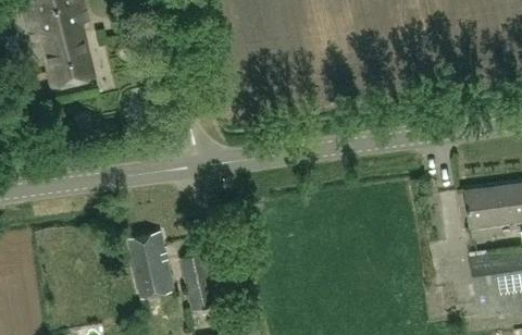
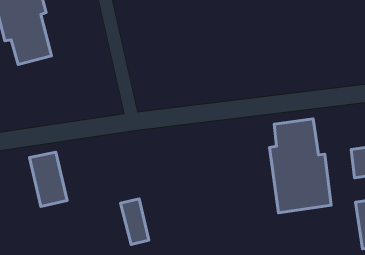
building: none -> [270,119,331,213]
building: [128,232,175,299] -> [29,152,67,207]

